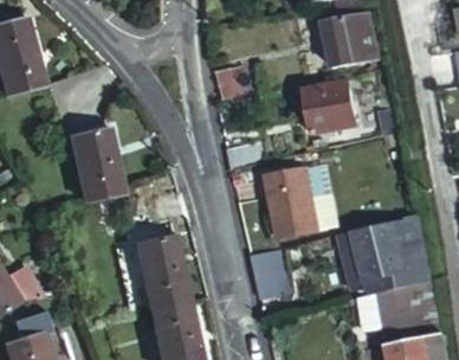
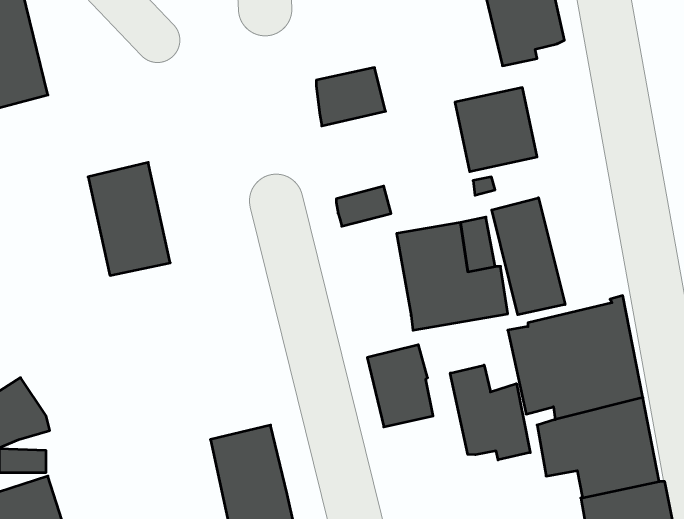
building: none -> [492,198,565,315]
building: [134,237,187,308] -> none
building: none -> [450,365,530,460]

